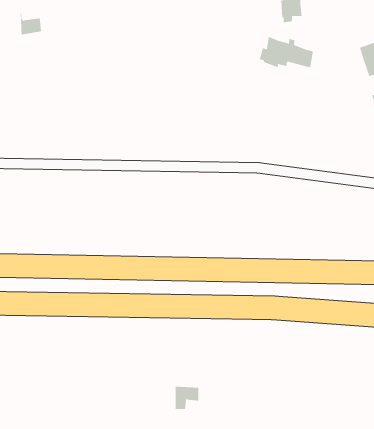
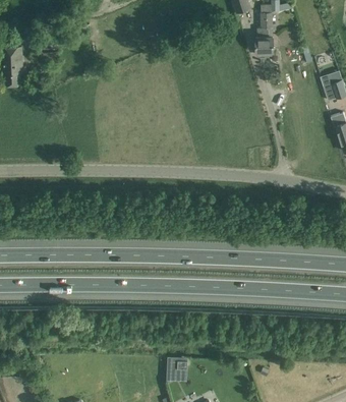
building: [259,36,313,68] -> none

